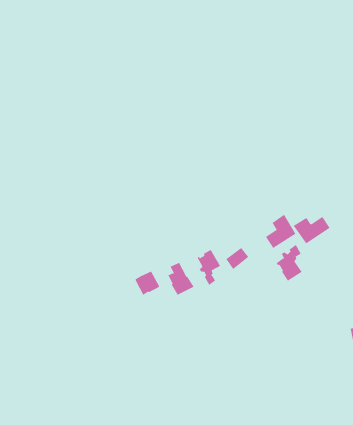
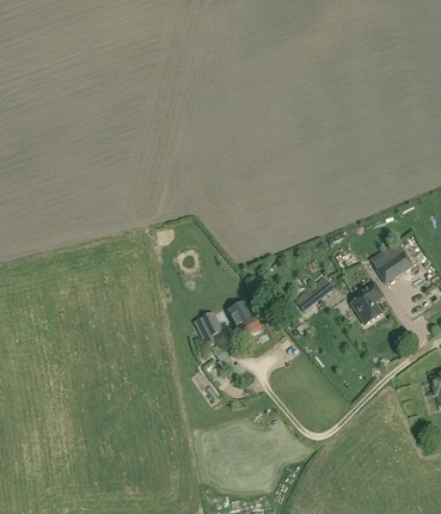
building: [265,214,296,249] -> none
building: [197,249,221,286] -> none

